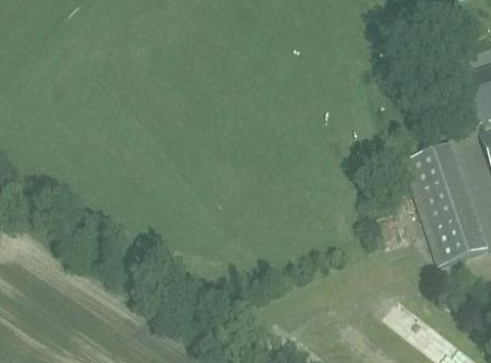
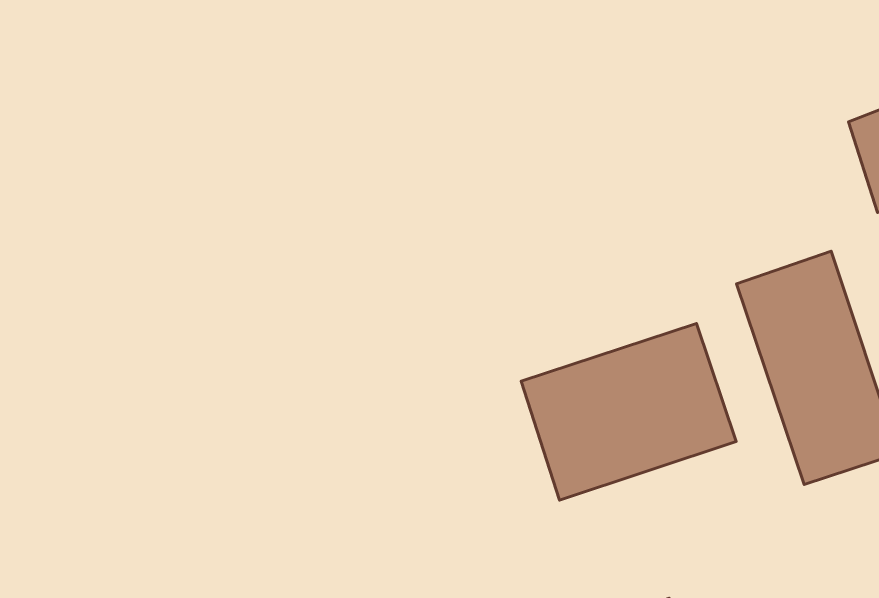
building: none -> [521,324,736,500]

